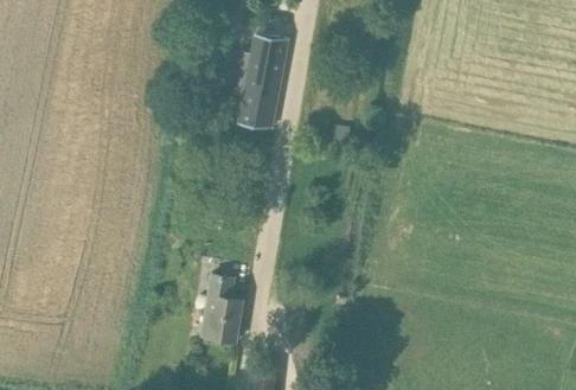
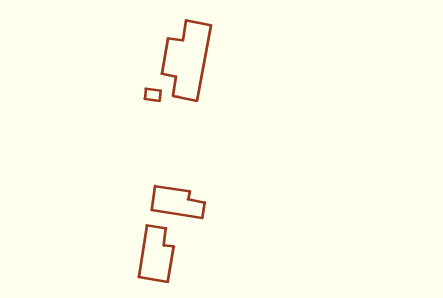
building: none -> [152,186,205,218]

